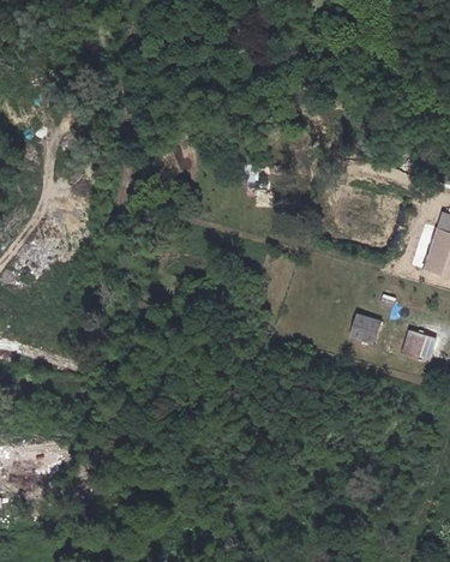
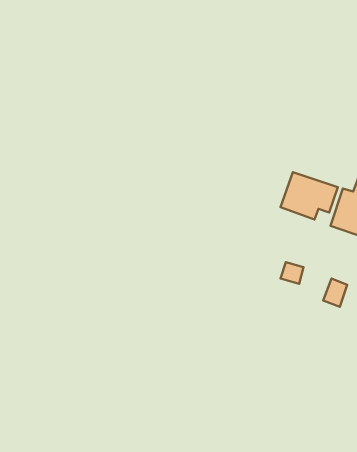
building: none -> [281,172,338,220]

